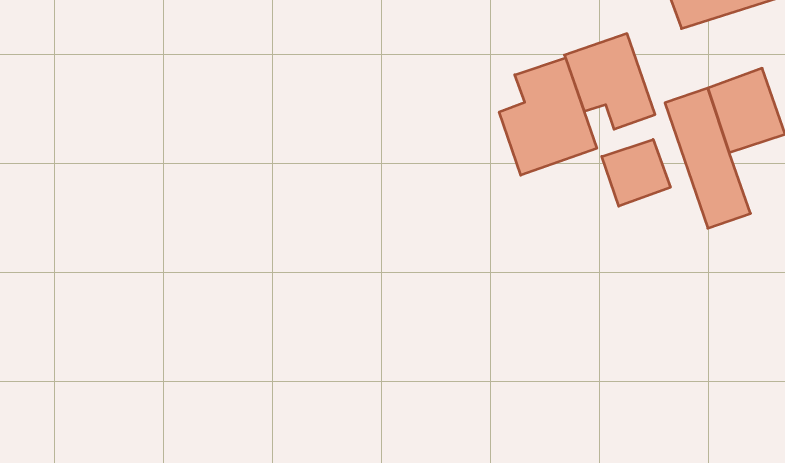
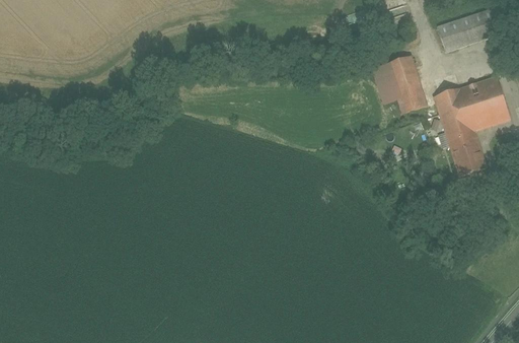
building: [499,58,597,175] -> none
building: [602,139,670,206] -> none

